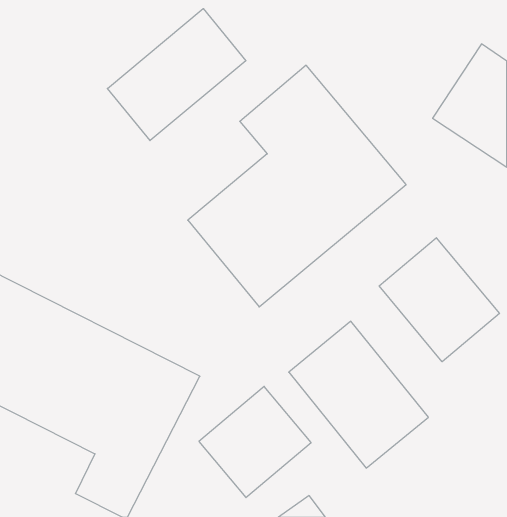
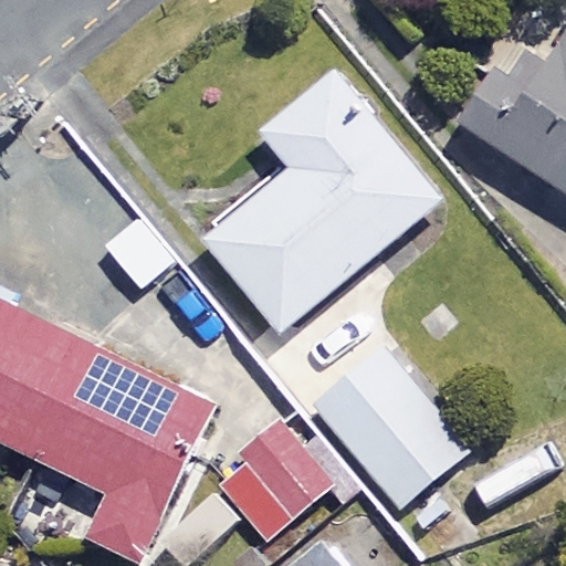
building: [107,9,246,141] -> none
building: [379,238,499,362] -> none

